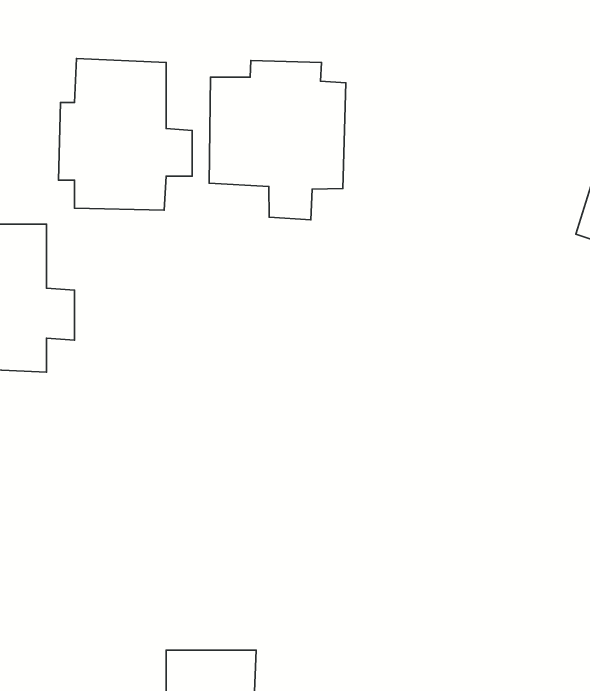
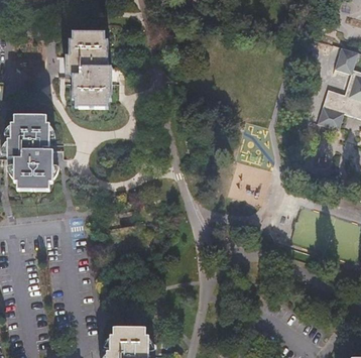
building: [209,61,346,220] -> none

